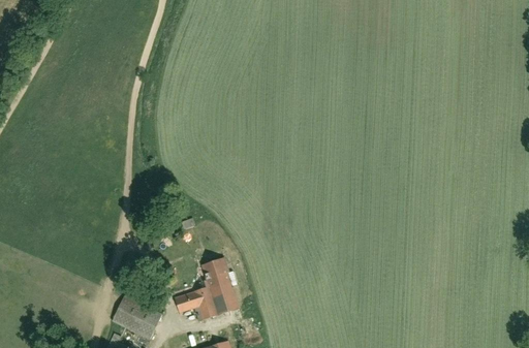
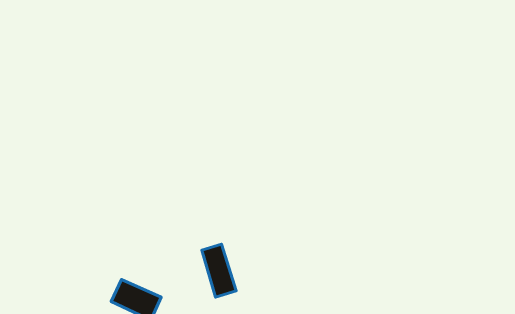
building: [175,283,217,320] -> none

